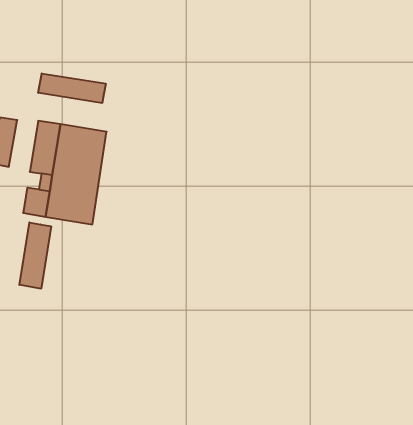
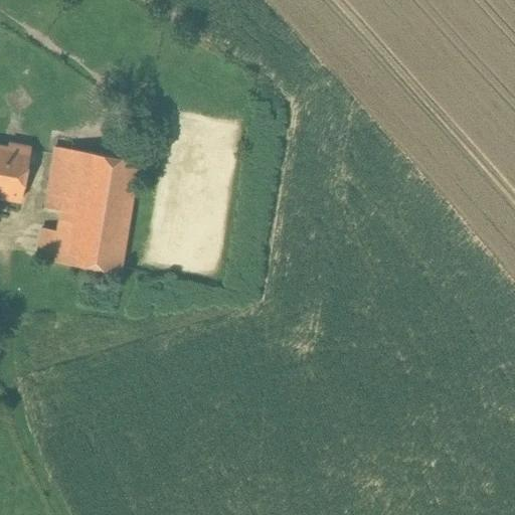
building: [38,73,106,103] -> none
building: [19,222,51,289] -> none

